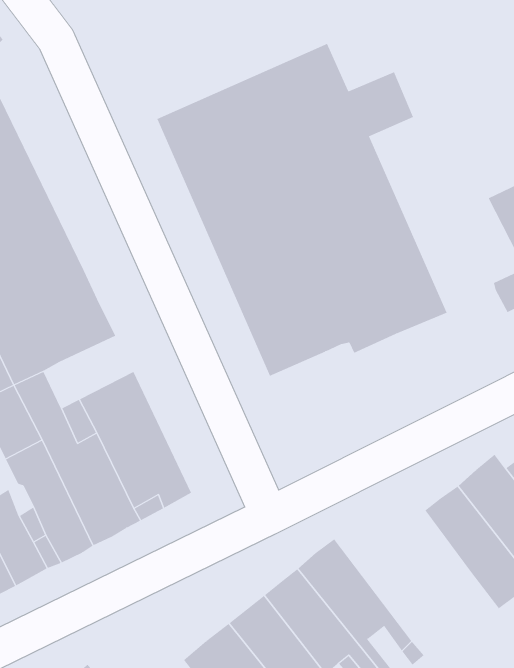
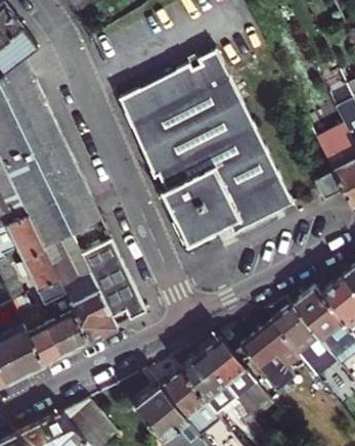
building: none -> [246,319,305,381]

